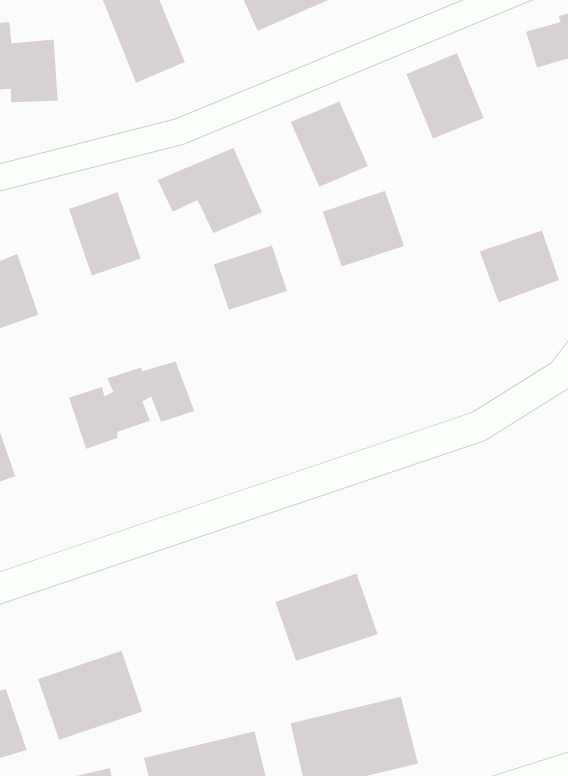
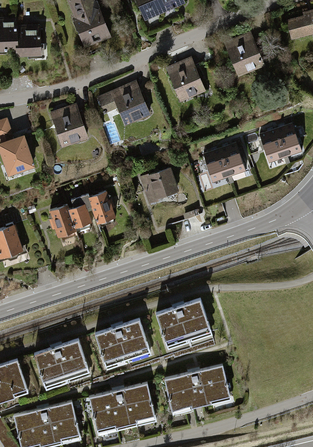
building: [322,190,405,267] -> [206,141,249,181]
building: [213,245,288,310] -> [139,167,178,201]
building: none -> [94,321,150,368]

